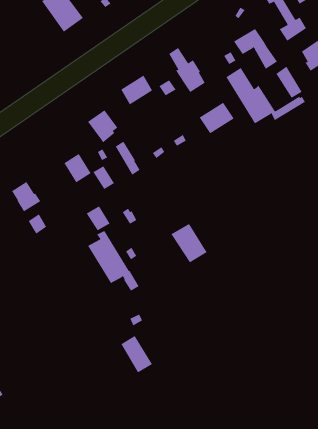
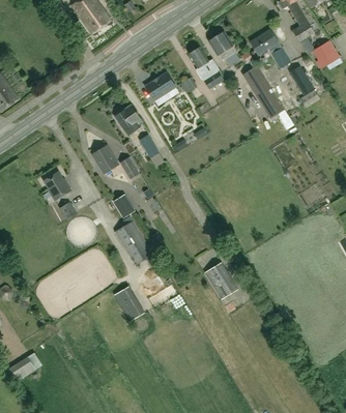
building: none -> [208,31,236,60]
building: [199,102,235,134] -> none
building: [171,223,207,263] -> [204,262,238,299]
building: [121,335,153,373] -> [115,286,145,321]

